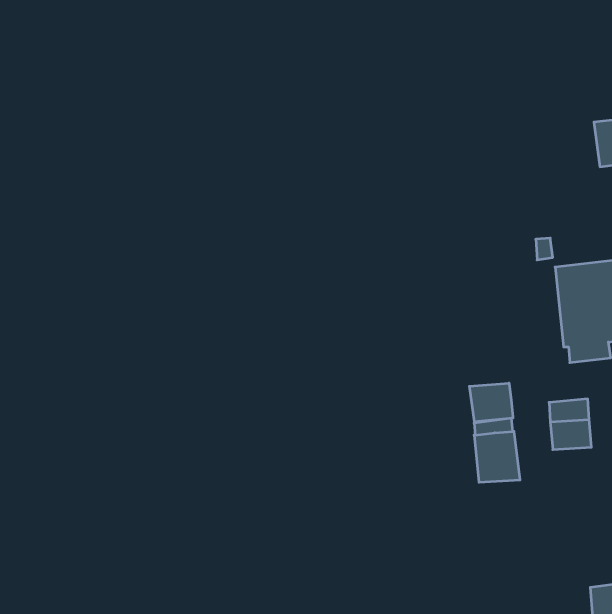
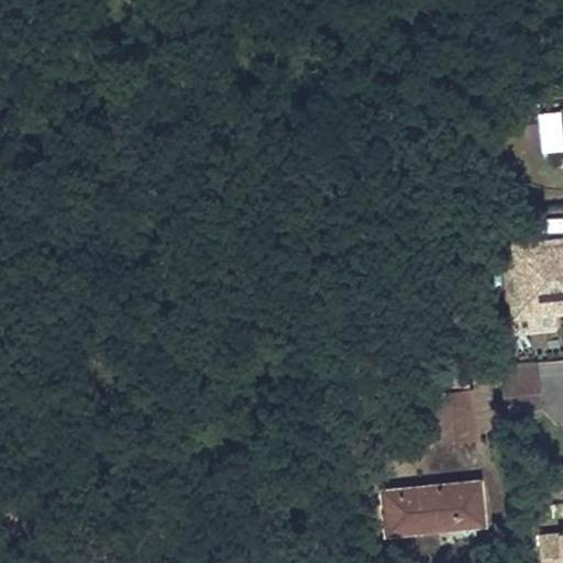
building: [469,383,513,422] -> none
building: none -> [386,484,486,533]

